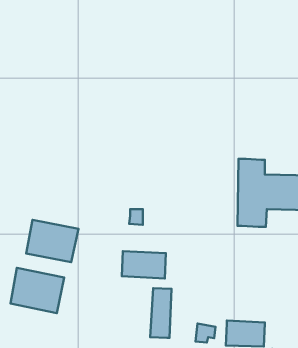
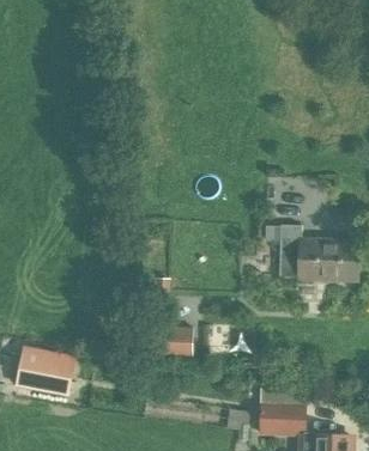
building: [26,220,79,262] -> none
building: [150,288,171,338] -> none

